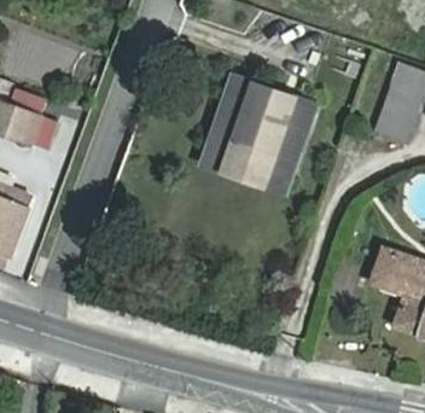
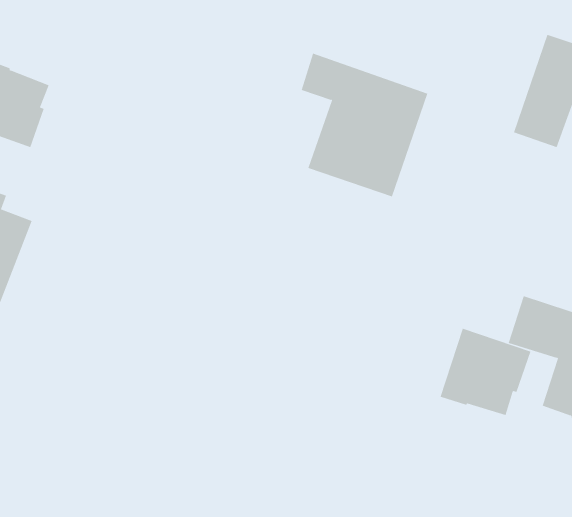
building: [203,103,289,191] -> none
building: none -> [440,328,531,416]

